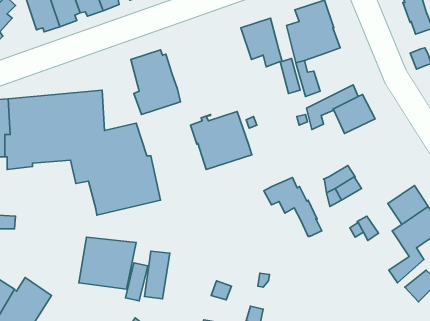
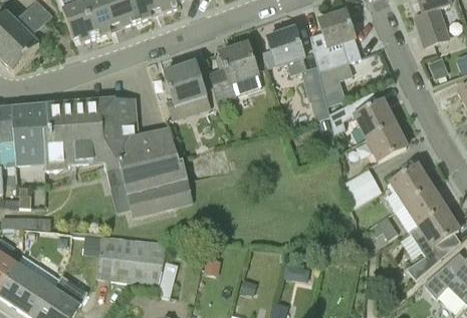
building: [190,111,252,170] -> [203,44,261,99]
building: none -> [365,123,406,162]
building: none -> [391,165,431,204]
building: [264,177,322,237] -> none
building: [145,251,170,299] -> [95,234,120,279]

